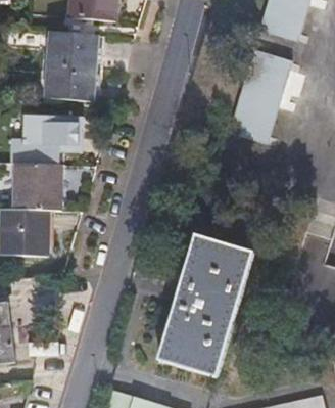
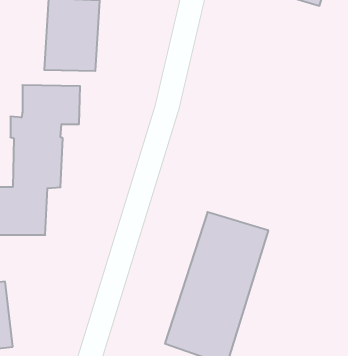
building: [234,48,296,141] -> none

